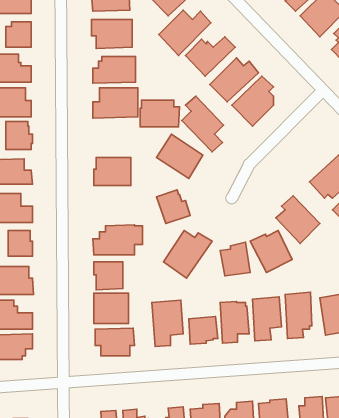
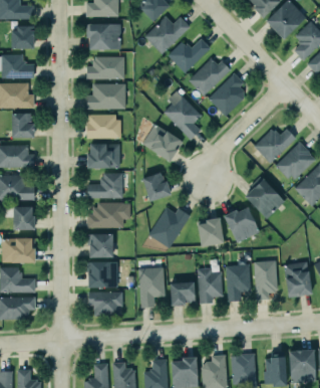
building: [140,100,180,127] -> [87,115,121,138]
building: none -> [254,129,296,164]
building: none -> [87,173,122,198]

